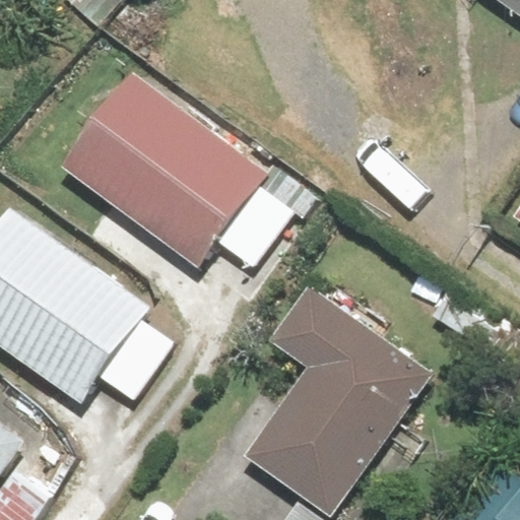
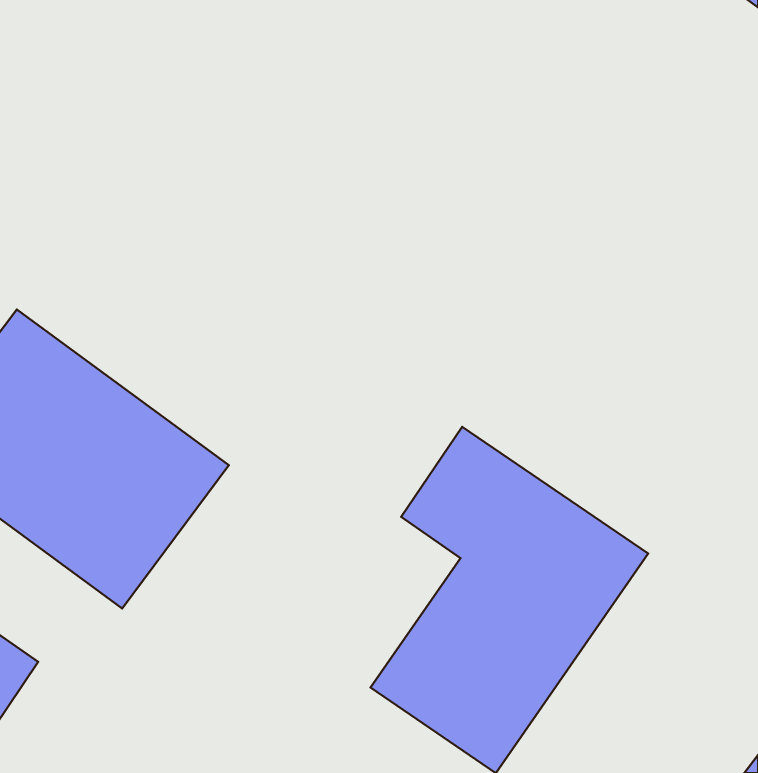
building: [62,75,268,268] -> none

